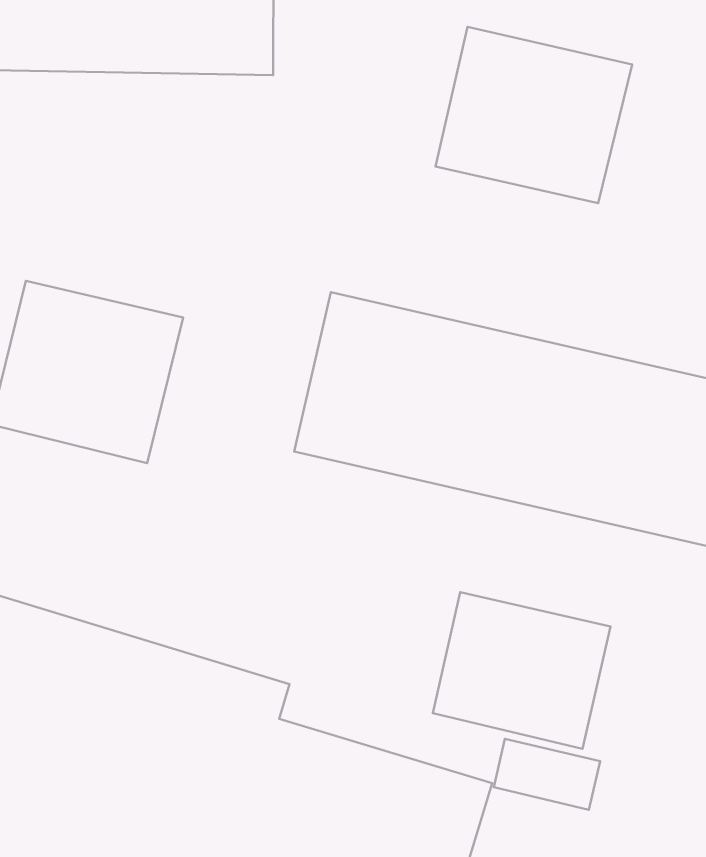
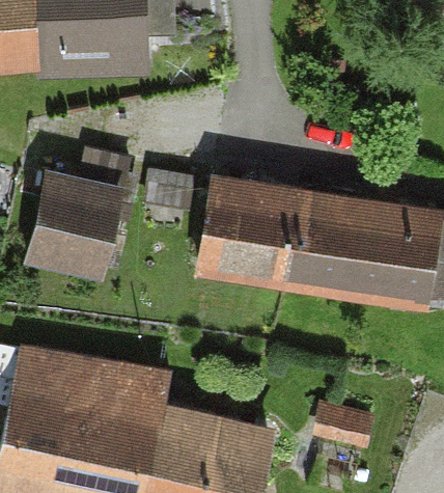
building: [436,27,632,203] -> none
building: [433,592,611,749] -> none

